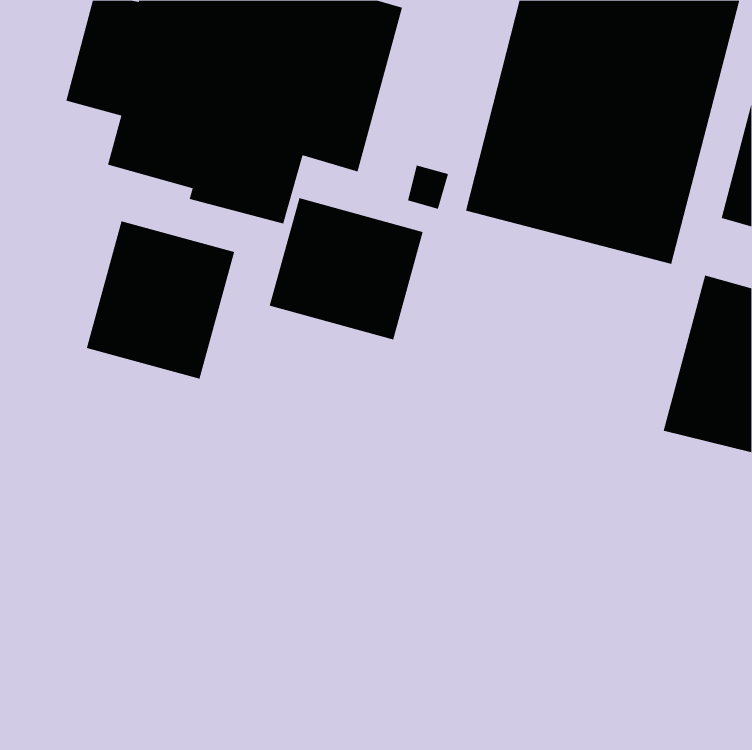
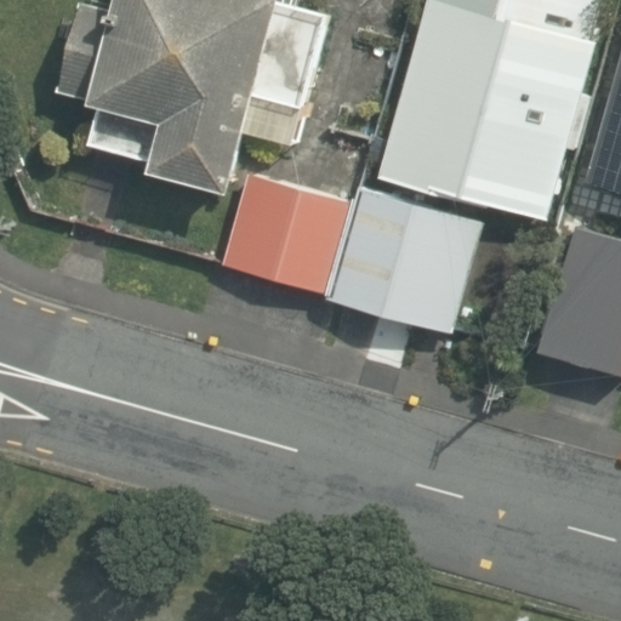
building: none -> [326,182,480,332]
building: [86,220,235,379] -> none

